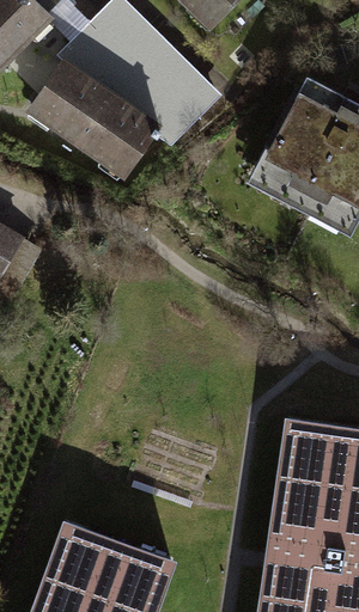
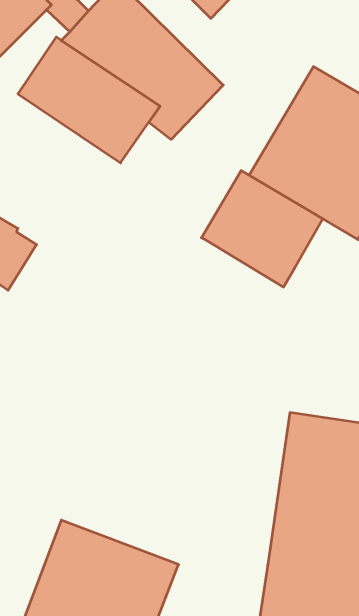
building: none -> [201,171,323,287]

